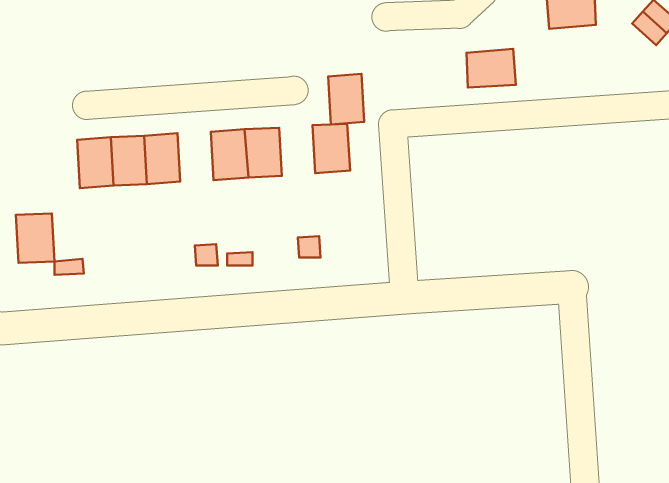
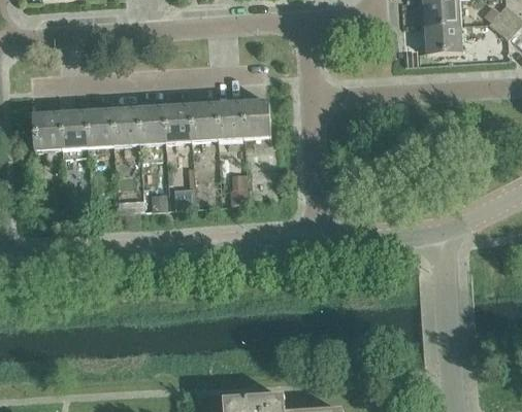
building: [466,49,516,88] -> [424,23,462,53]
building: [328,74,364,125] -> [216,100,243,139]
building: none -> [137,105,165,143]
building: [16,213,55,263] -> [32,111,62,149]

